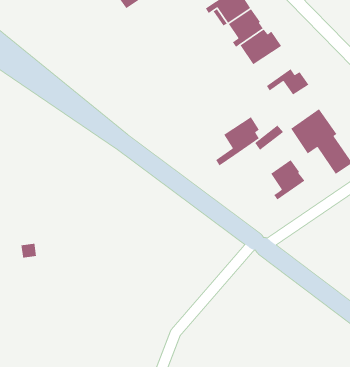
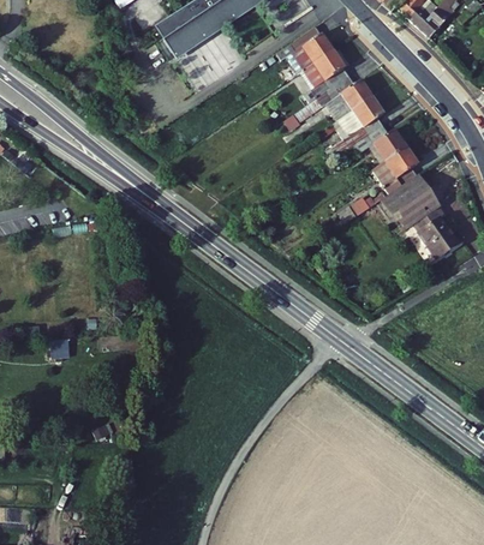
building: none -> [376,148,417,192]
building: [215,116,260,167] -> [328,100,383,162]
building: [270,159,306,201] -> none

